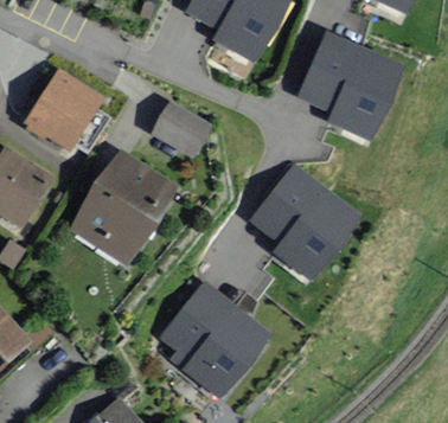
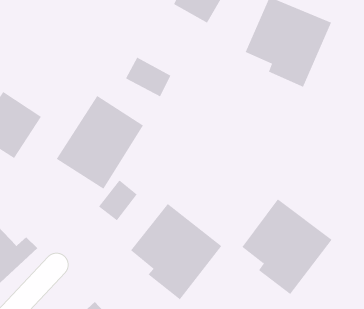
building: [24,68,103,150] -> none
building: [251,164,361,280] -> [241,199,333,295]
building: none -> [98,180,137,221]

